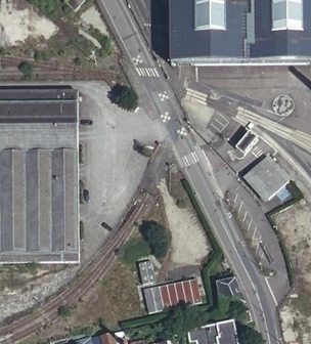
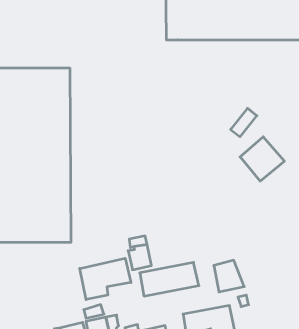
building: none -> [80,258,131,300]

